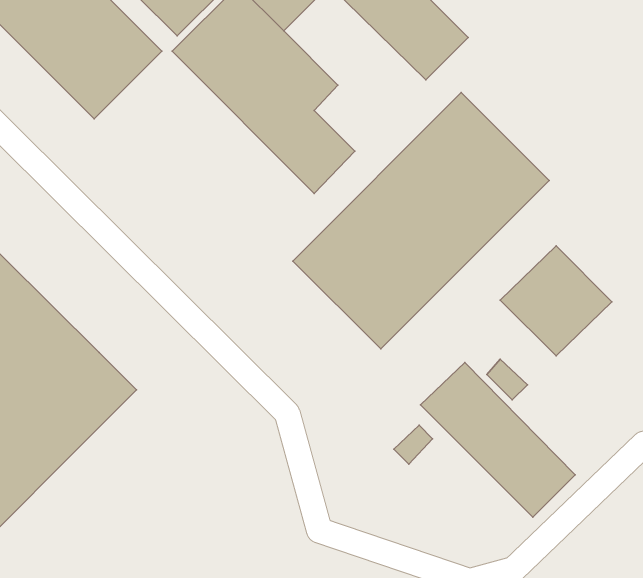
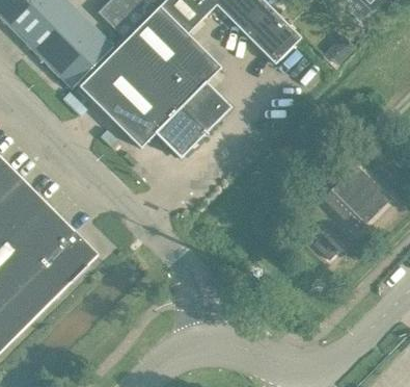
building: none -> [78,45,206,157]
building: [293,93,549,349] -> none
building: [421,363,575,517] -> none

